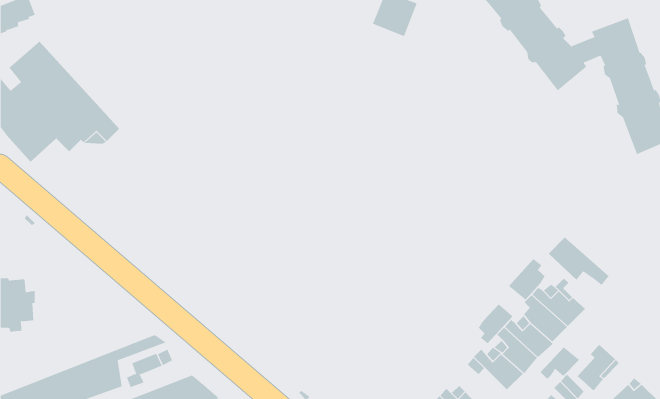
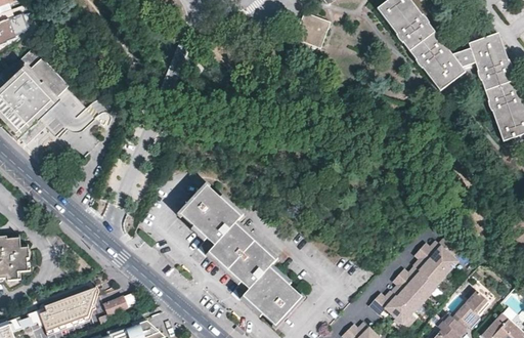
building: none -> [181,185,302,326]
building: [547,236,609,286] -> none
building: [508,258,546,300] -> none
building: [477,304,514,344] -> none
building: [540,347,580,379] -> none

